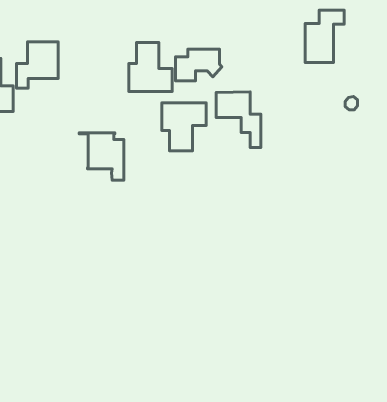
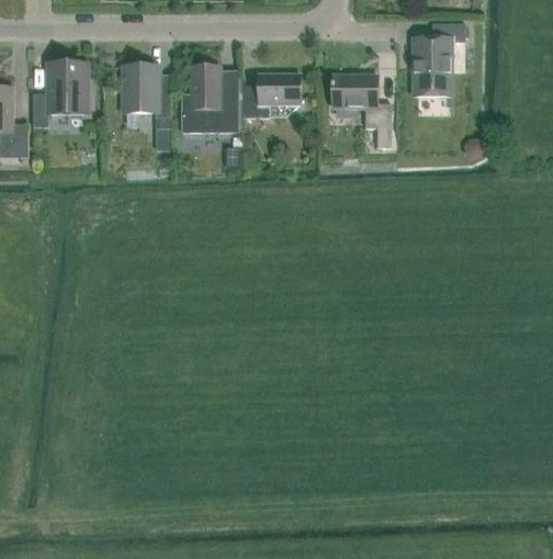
building: [216,92,261,147] -> [332,74,392,147]
building: [162,103,206,151] -> none
building: [79,133,124,180] -> [112,65,171,127]

